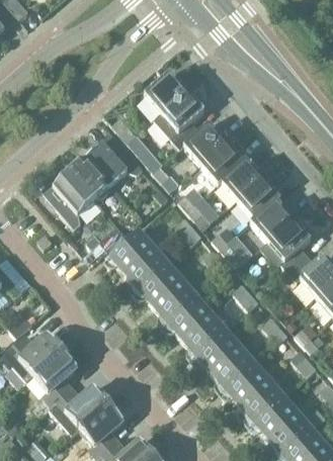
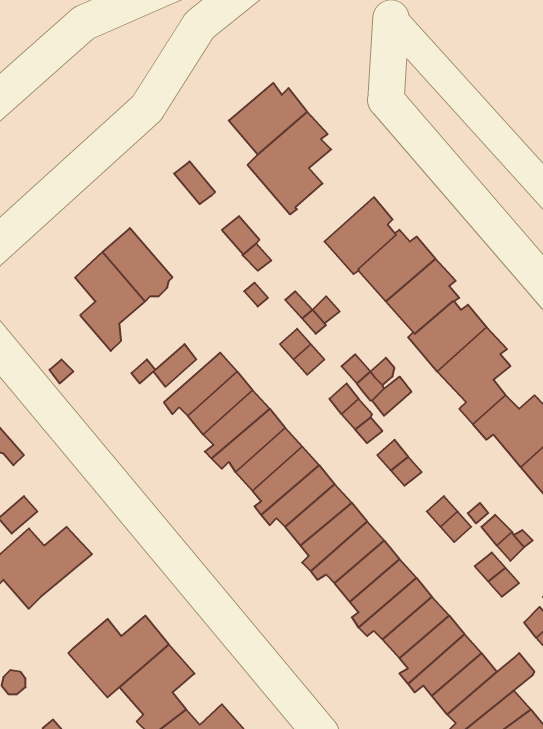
building: [184,122,231,165] -> none
building: [86,132,144,186] -> none
building: [33,350,78,405] -> none

